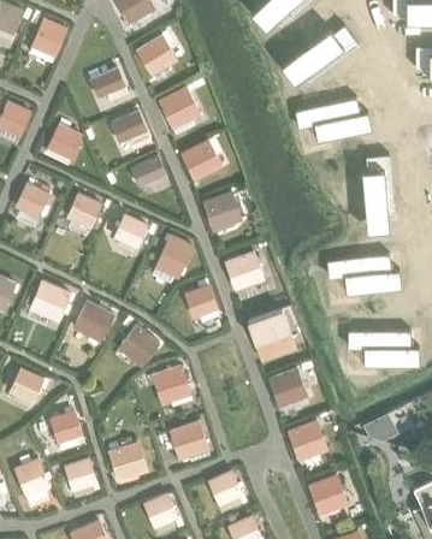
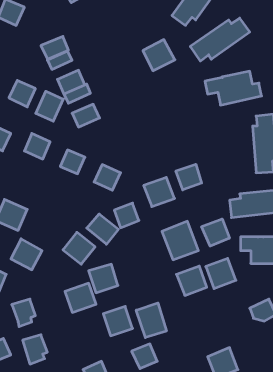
building: [136,34,177,73] -> none
building: [159,87,201,128] -> [143,40,175,71]
building: none -> [36,91,63,121]
building: [181,138,221,180] -> none
building: [202,191,242,230] -> none
building: none -> [176,164,202,190]
building: [73,300,114,340] -> [11,239,42,270]
building: none -> [87,214,118,244]
building: none -> [202,219,229,246]
building: none -> [136,303,166,338]
building: [288,421,327,461] -> [206,258,236,289]
building: [107,442,148,480] -> [65,283,96,312]

